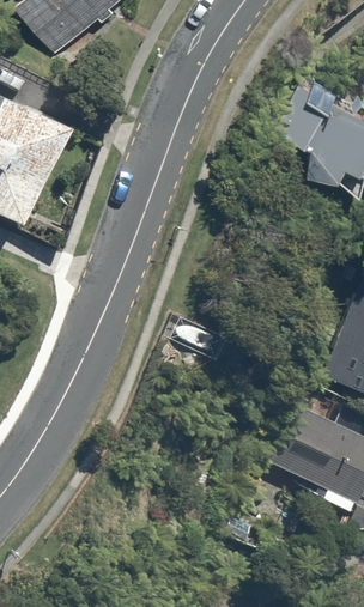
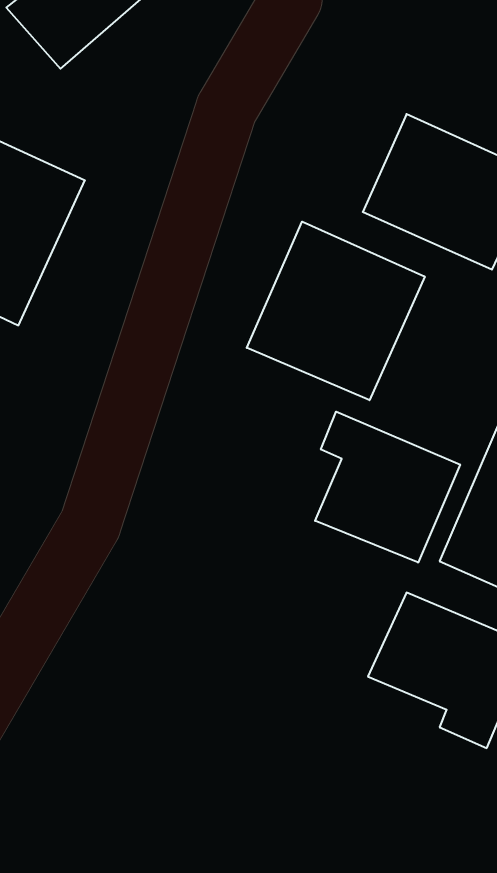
building: none -> [247,222,425,400]
building: none -> [315,412,460,563]

